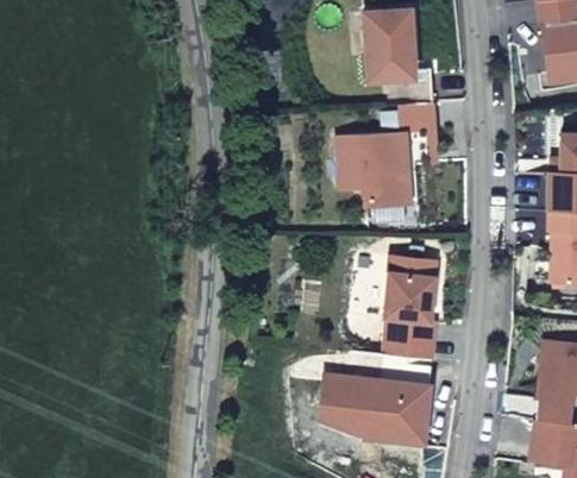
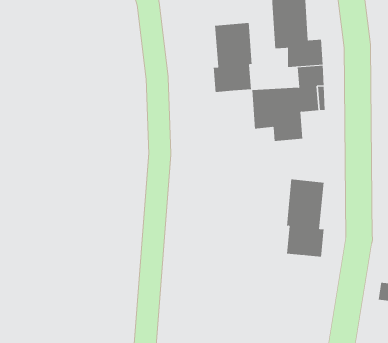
building: none -> [213,22,252,93]
building: [321,354,431,444] -> none

